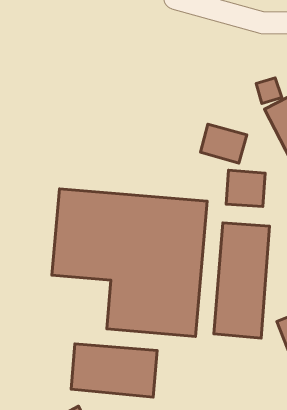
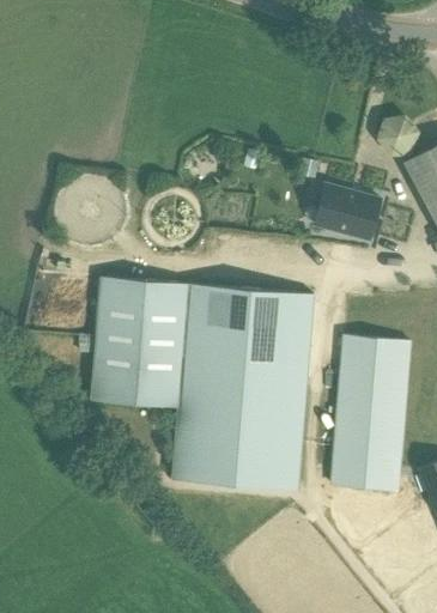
building: [226,170,265,207] -> none
building: [71,344,157,397] -> none

